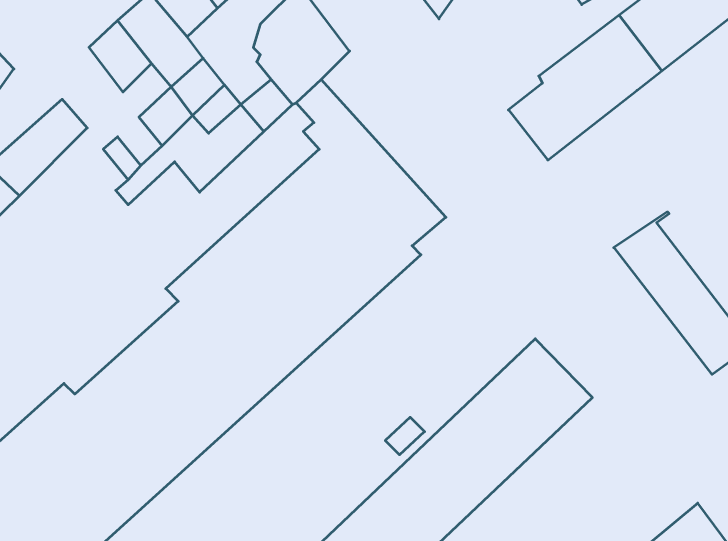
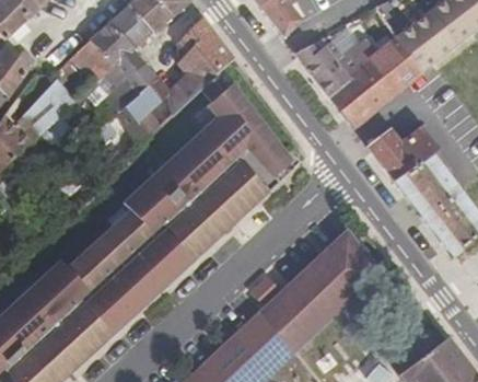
building: none -> [298,32,351,94]
building: none -> [368,126,428,178]

